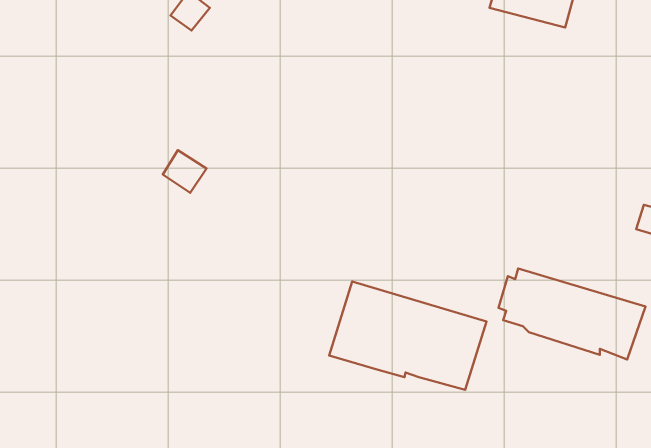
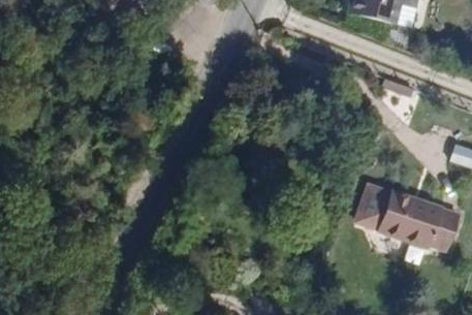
building: [329,281,486,390] -> none

